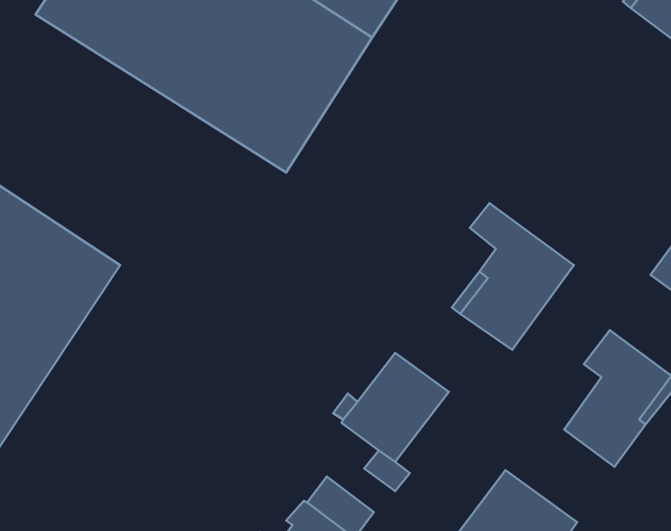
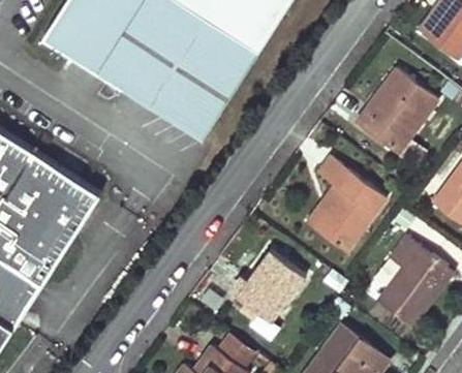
building: none -> [358,69,437,153]

